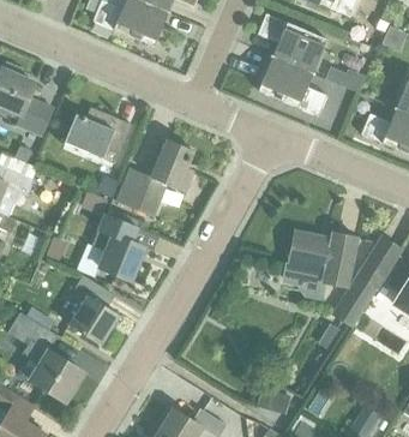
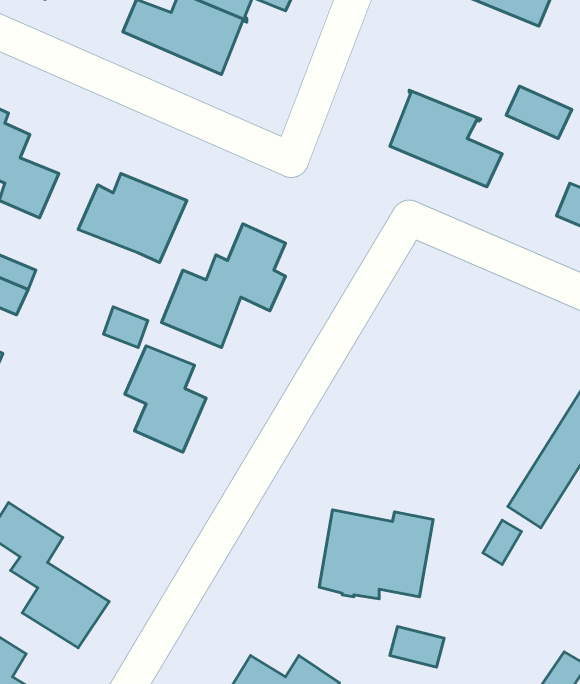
building: [257,14,326,74] -> none
building: [285,232,356,287] -> [319,510,433,599]
building: [71,276,121,346] -> none

